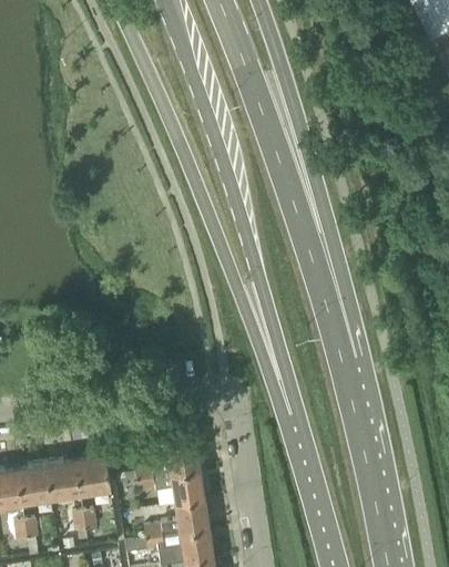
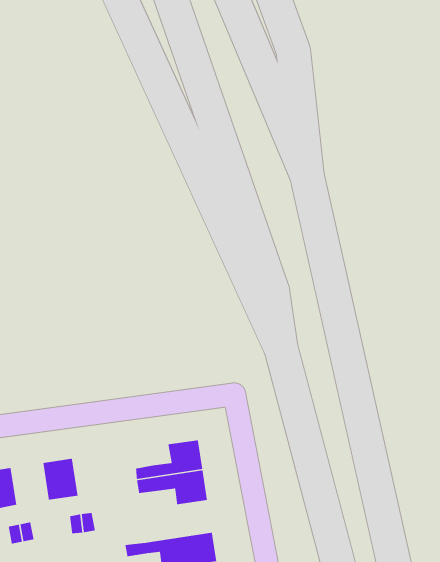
building: [74,455,110,496] -> none
building: [16,464,51,505] -> none
building: [142,501,208,540] -> none

